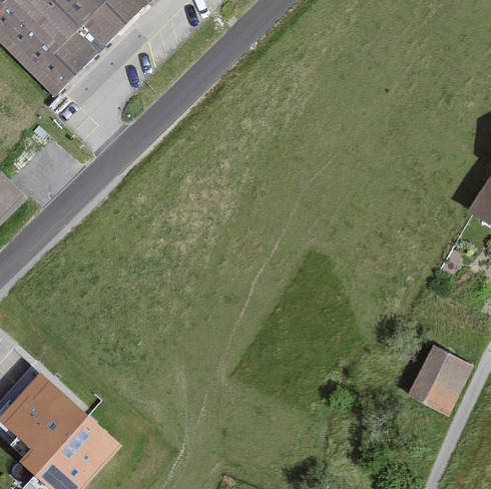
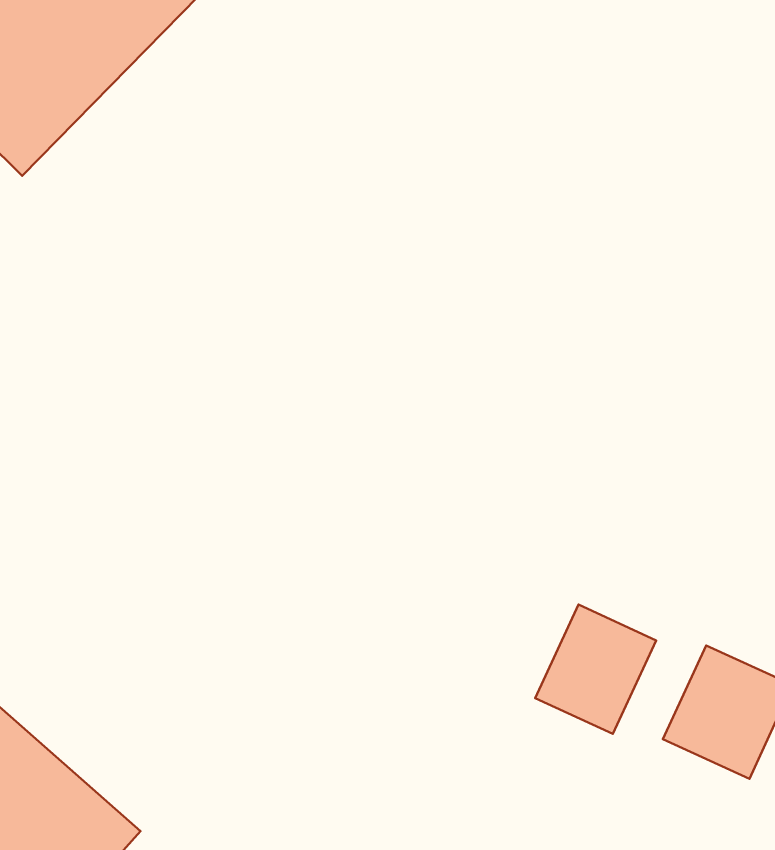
building: none -> [535,605,656,734]

